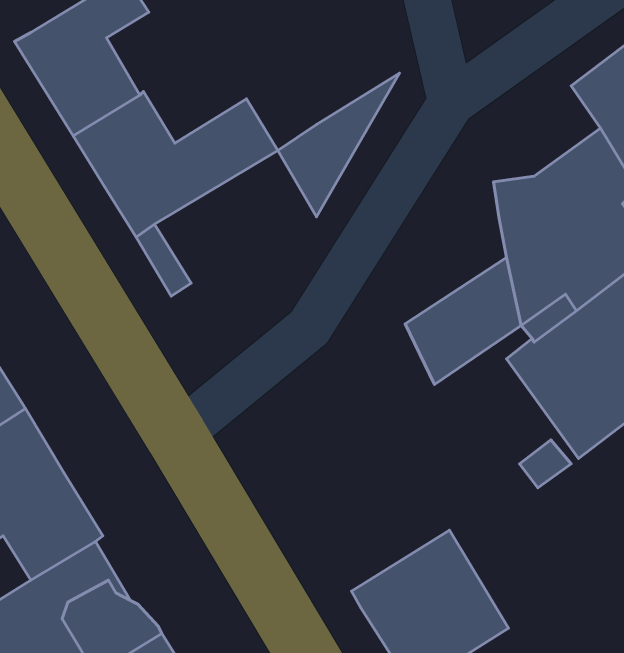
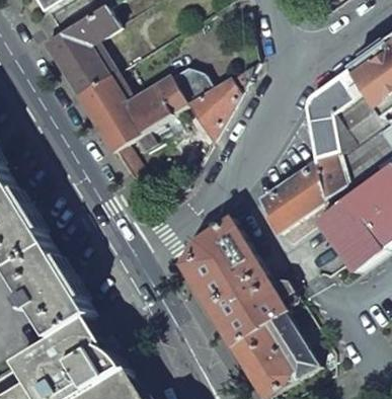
building: none -> [172,67,211,103]
building: none -> [306,68,367,121]
building: none -> [180,218,295,345]

